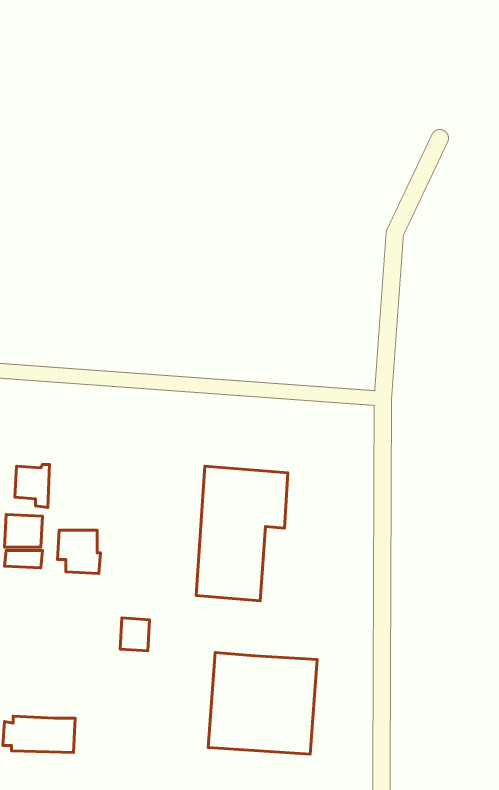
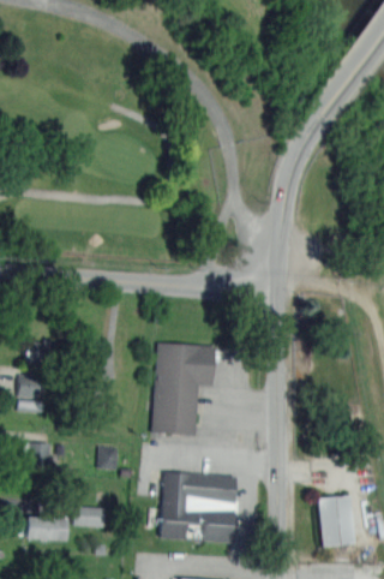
building: [57,530,101,573] -> [22,442,52,472]
building: none -> [317,494,354,547]
building: none -> [73,507,104,527]

